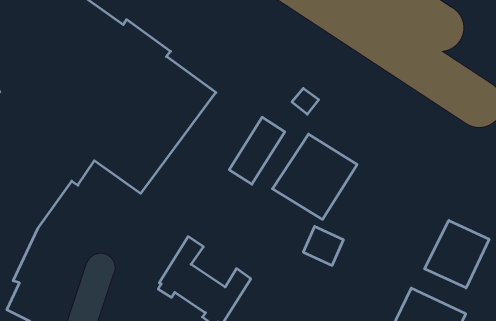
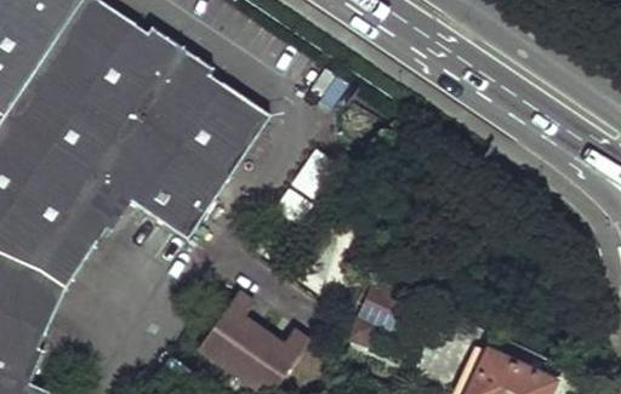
building: [272,134,357,219] -> none
building: [425,220,489,288] -> none

